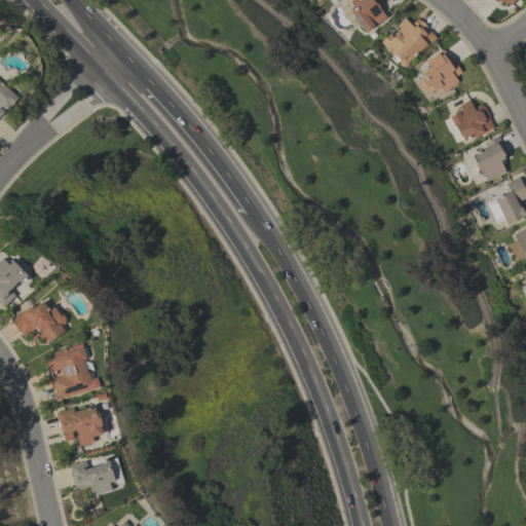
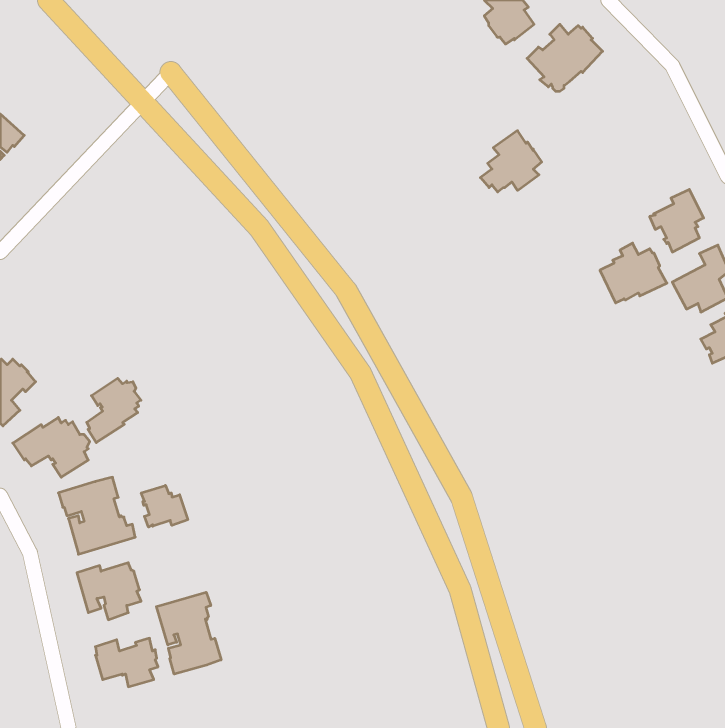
building: [418,49,462,93] -> [480,131,542,192]
building: [447,100,495,143] -> [600,243,667,303]
building: none -> [87,378,141,443]
building: none -> [141,485,188,527]
building: none -> [156,592,221,674]

